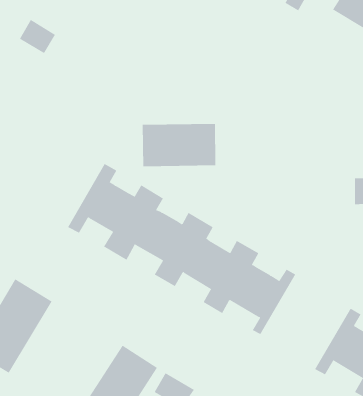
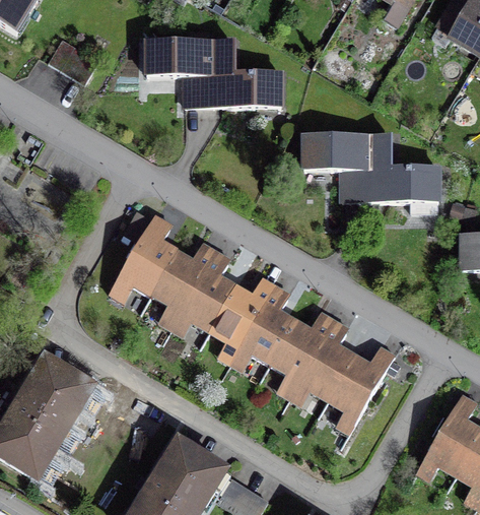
building: none -> [145,40,275,107]
building: none -> [301,133,433,202]
building: [142,123,216,167] -> none

